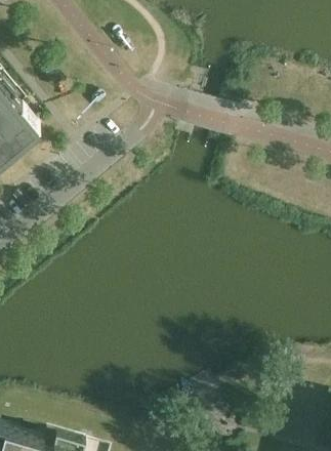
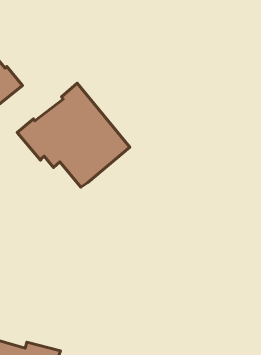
building: none -> [17,83,130,187]

